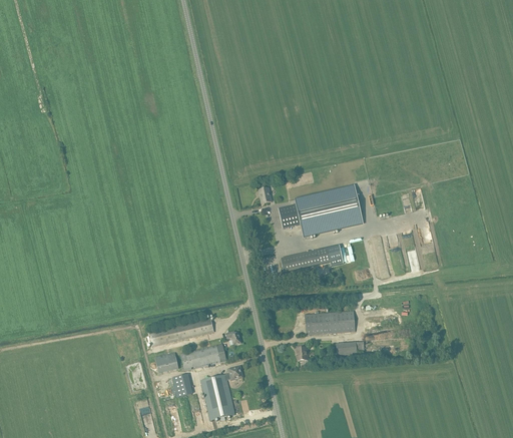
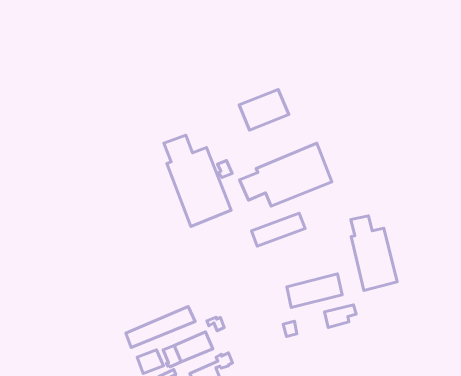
building: none -> [239,89,289,130]
building: none -> [164,135,231,226]
building: none -> [351,216,397,290]

